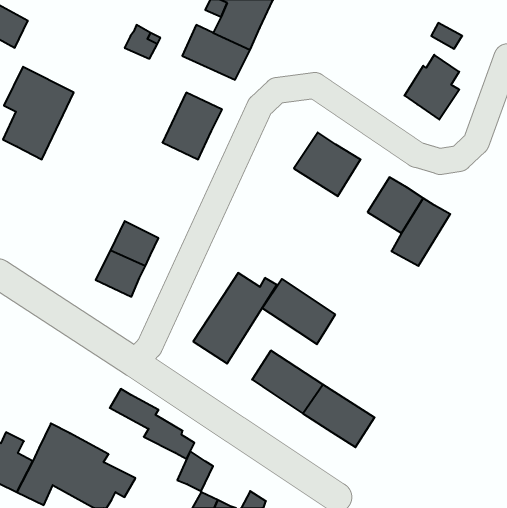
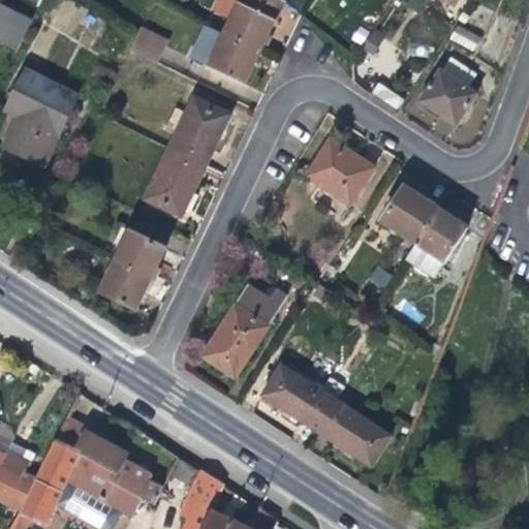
building: none -> [145,148,206,216]
building: [262,279,335,344] -> none
building: [110,389,194,459] -> [72,430,160,502]

